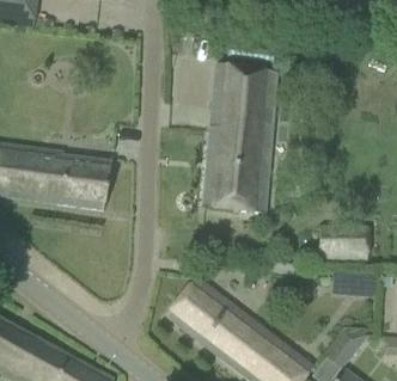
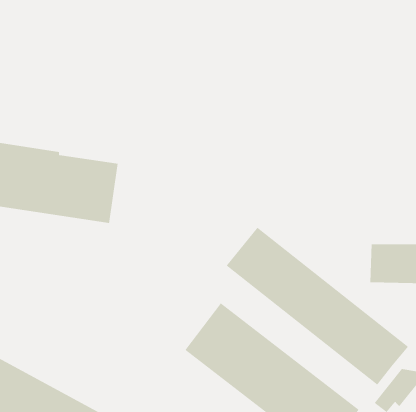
building: [203,63,276,211] -> none
building: none -> [226,227,409,386]

